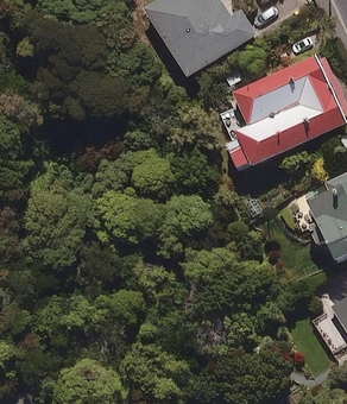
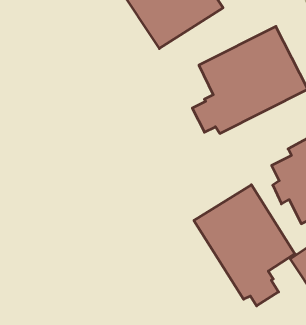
building: none -> [194,185,295,306]

